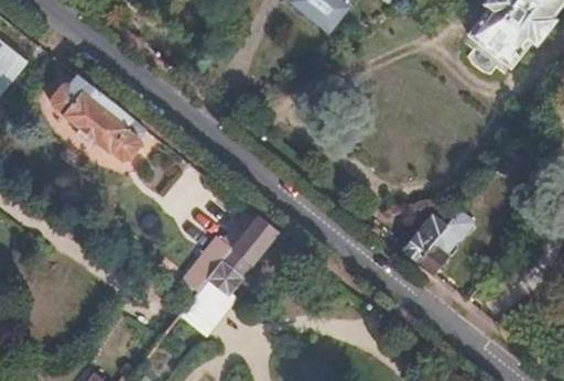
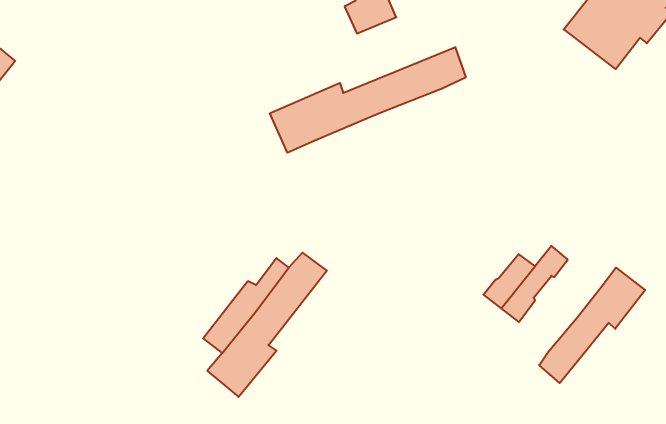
building: none -> [270,47,466,153]
building: [51,73,147,157] -> none
building: none -> [539,268,645,383]

